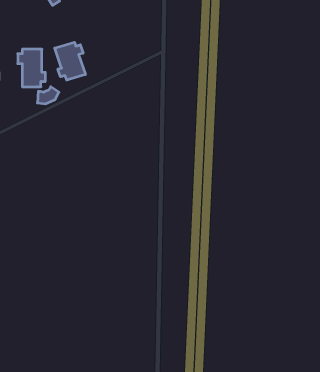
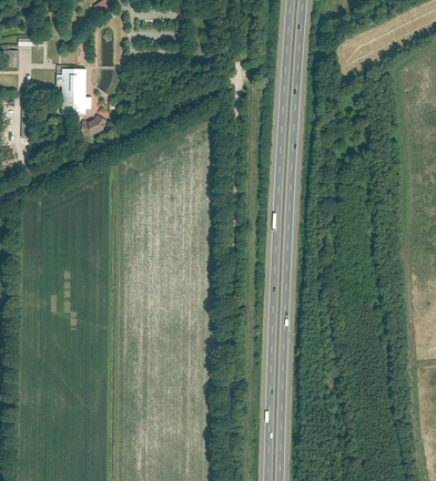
building: [55,42,85,80] -> none

